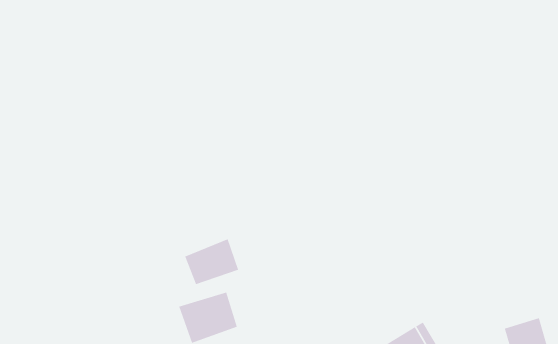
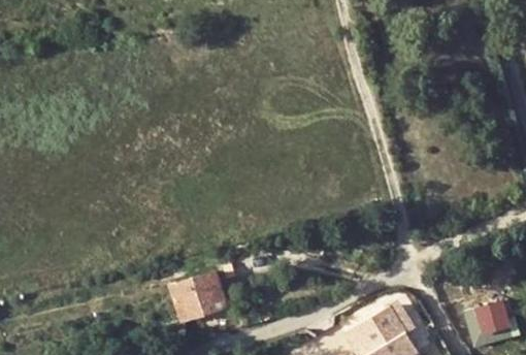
building: [184,238,239,285] -> none

